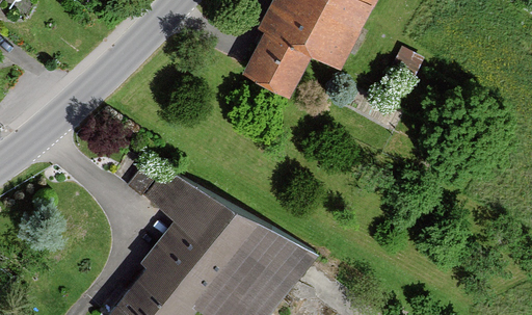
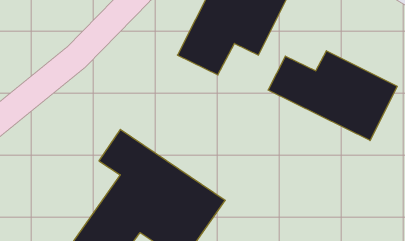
building: none -> [268,51,397,141]

